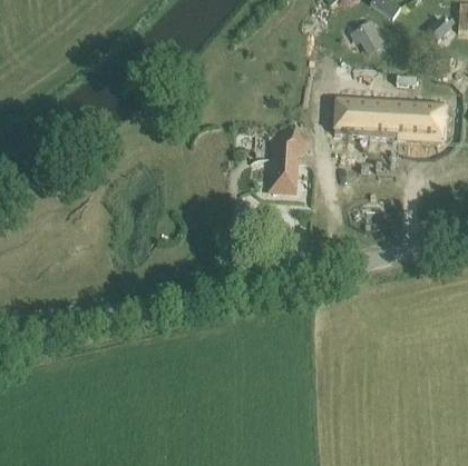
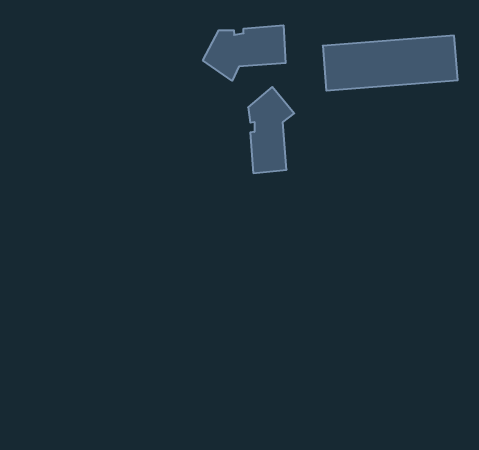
building: none -> [203,25,286,81]

